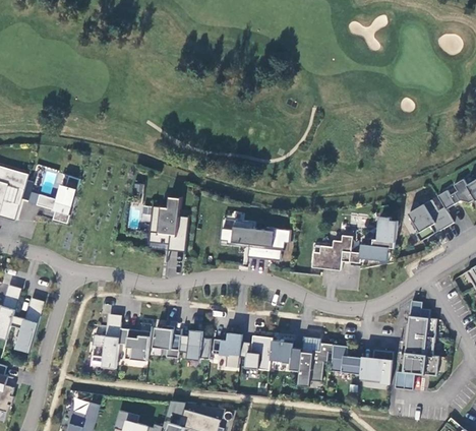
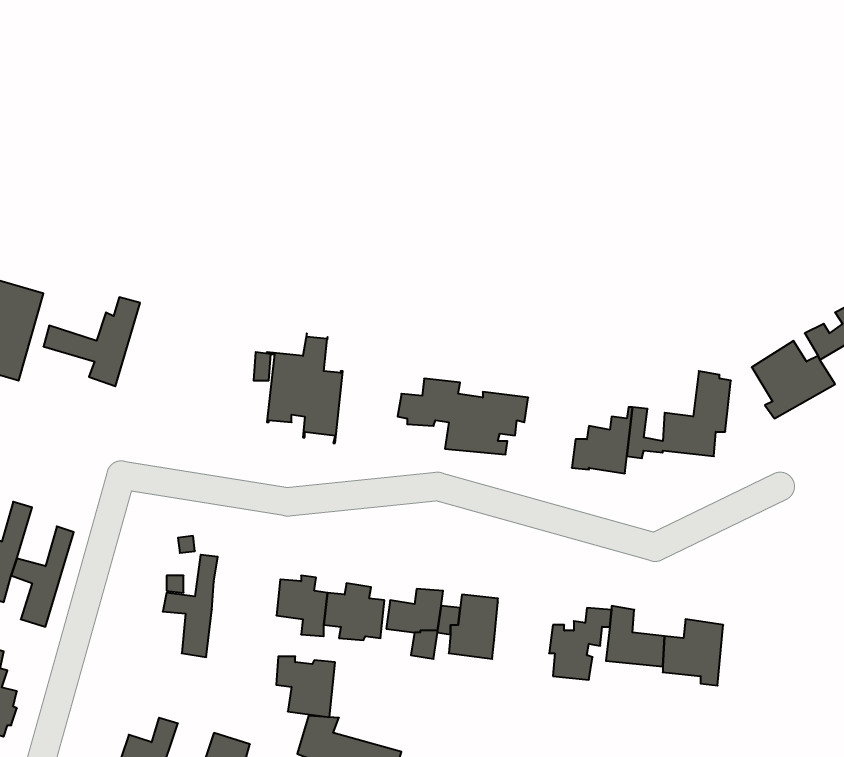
building: [394,301,438,390] -> none
building: [118,328,150,361] -> [276,656,335,717]
building: [270,340,301,371] -> none

